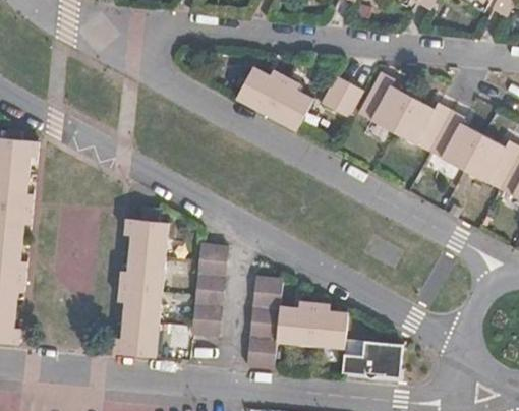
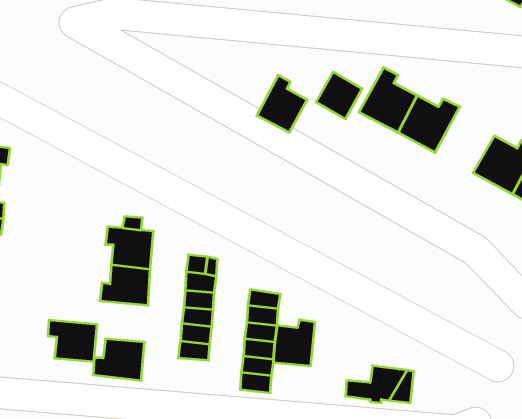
building: [232,68,282,115] -> none
building: [424,107,478,167] -> none
building: [119,283,164,320] -> [48,320,97,362]
building: [311,302,348,345] -> none

